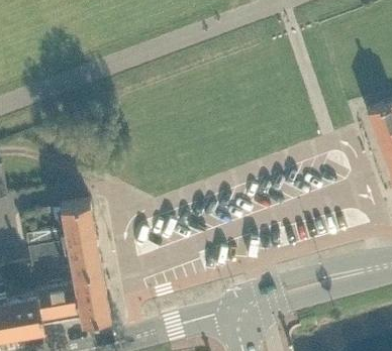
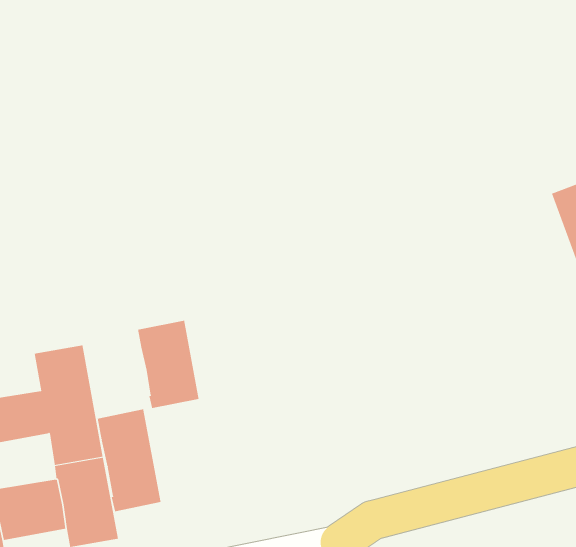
building: none -> [137,320,199,409]
building: none -> [97,409,161,512]

